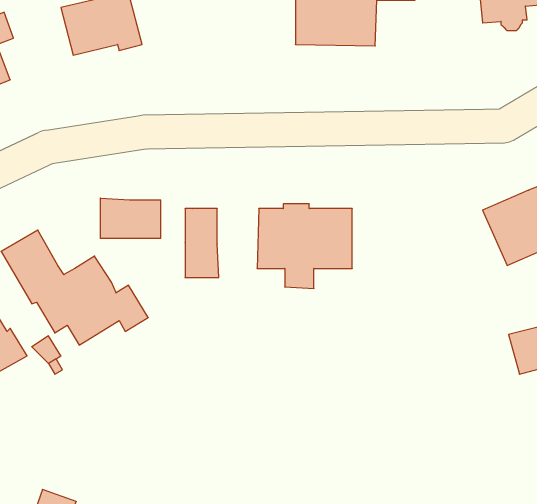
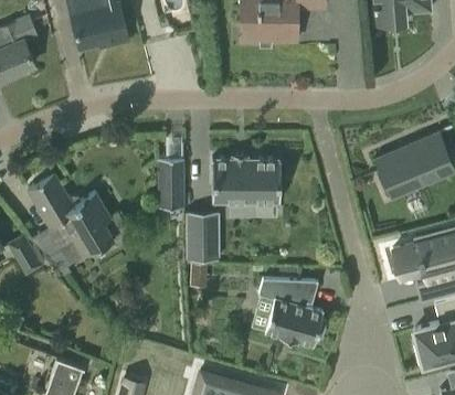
building: [100,198,161,238] -> none
building: none -> [187,213,219,260]
building: none -> [258,279,327,345]

